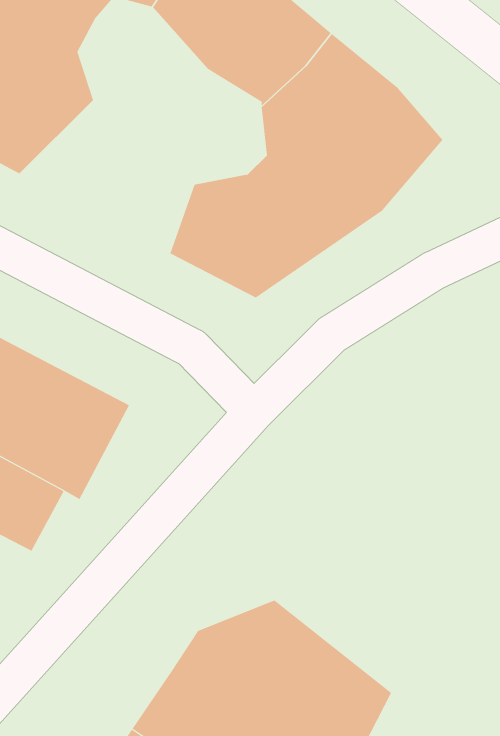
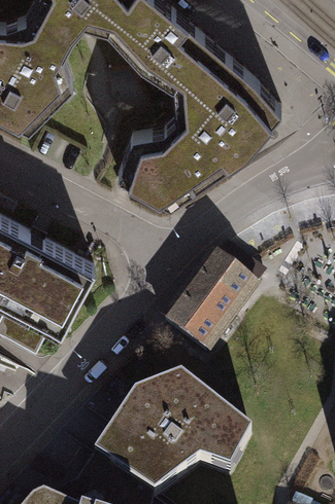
building: none -> [163,256,253,353]

